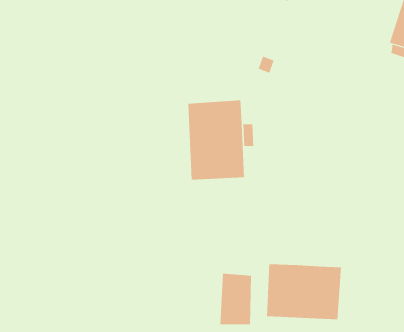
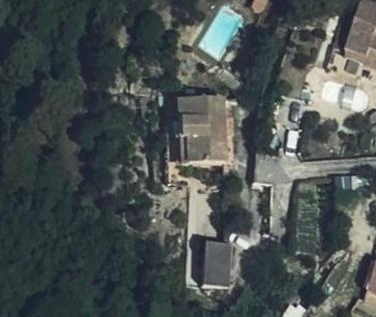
building: [267,263,341,320] -> none

